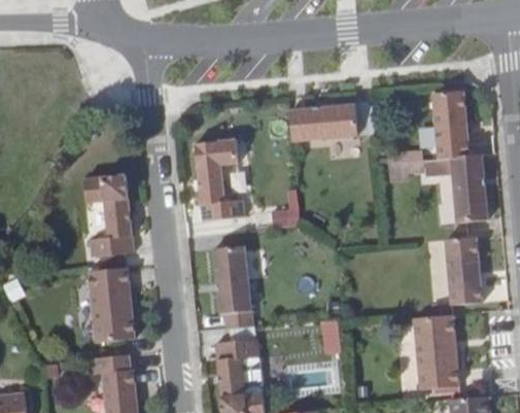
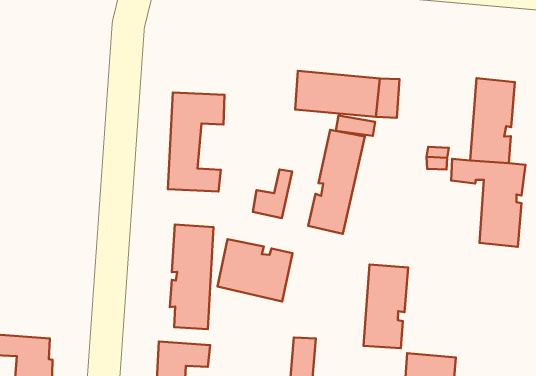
building: none -> [308,130,365,234]
building: [86,176,136,259] -> none
building: [444,236,480,304] -> [363,265,408,348]
building: none -> [217,239,292,301]
building: [92,268,136,343] -> none

